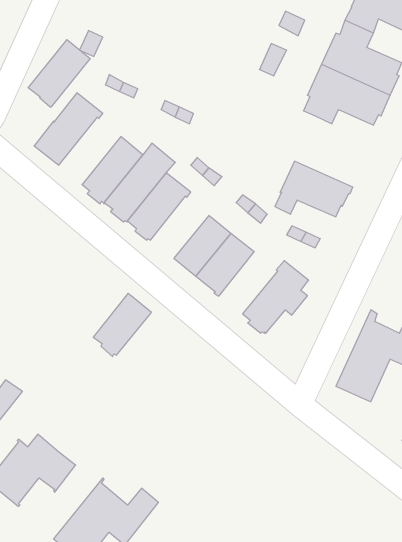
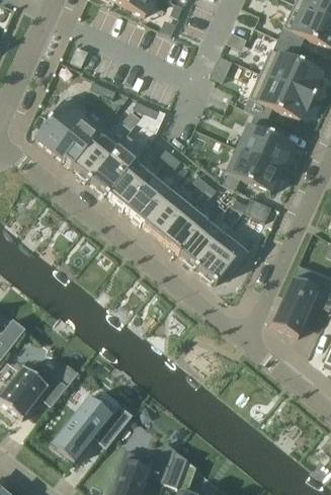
building: [28,40,90,107] -> [54,113,102,166]
building: none -> [238,112,292,168]
building: none -> [179,219,225,268]
building: [93,293,151,357] -> [126,175,171,225]

